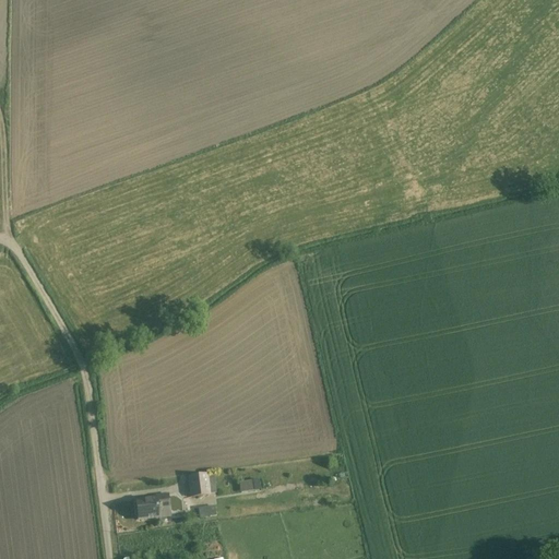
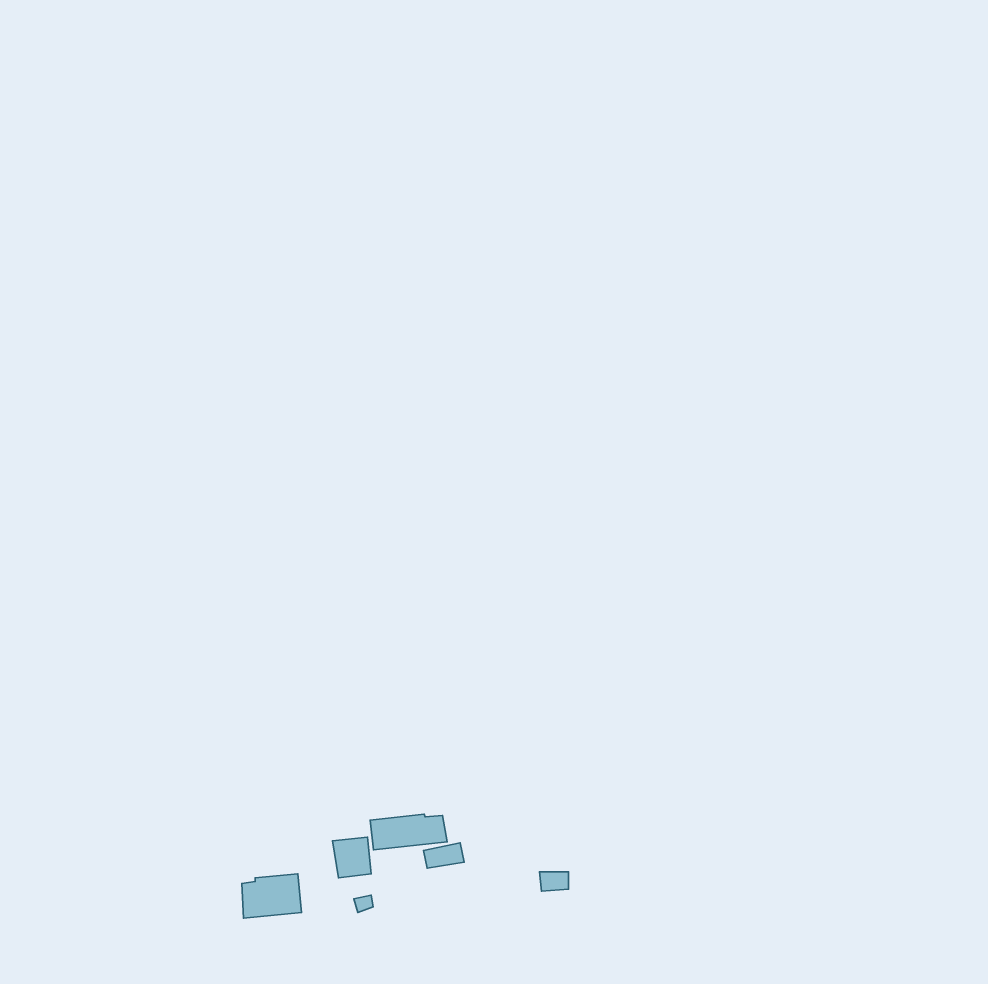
building: none -> [370,814,447,850]

